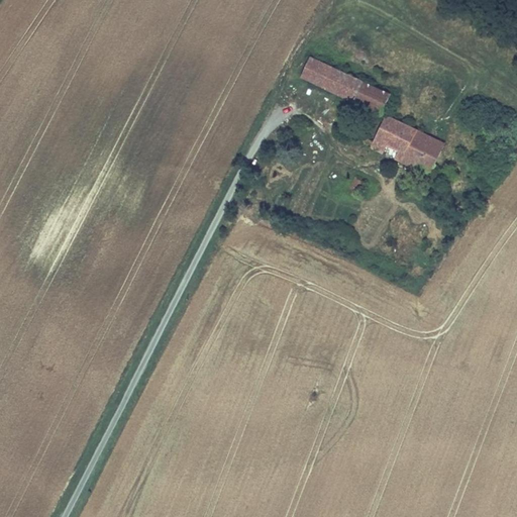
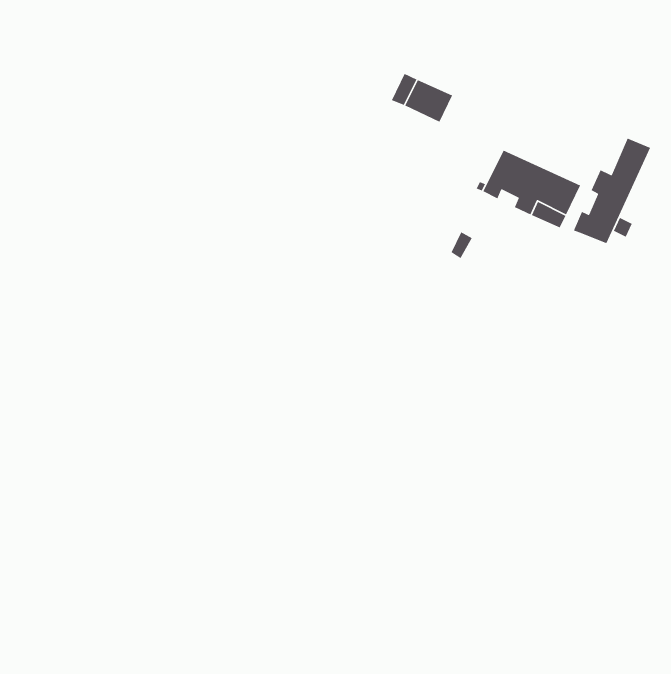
building: [336,73,390,114] -> none
building: none -> [573,137,651,244]

